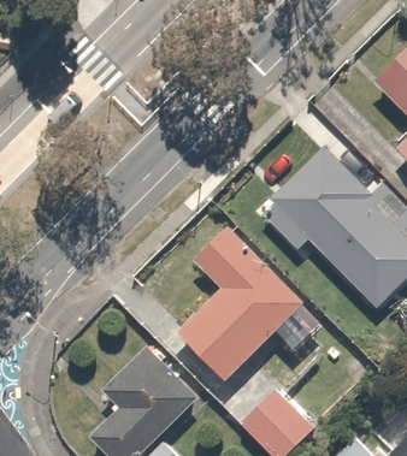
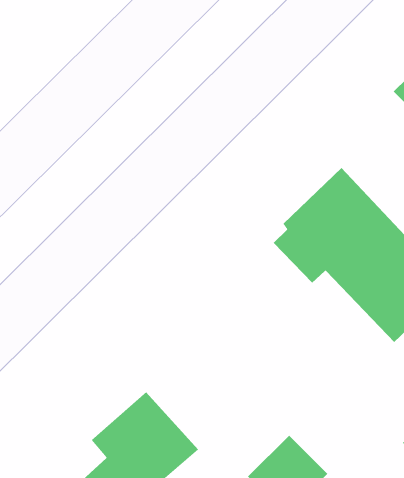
building: [179,226,306,381] -> none

